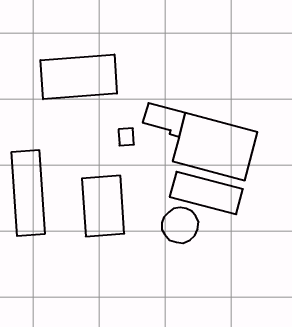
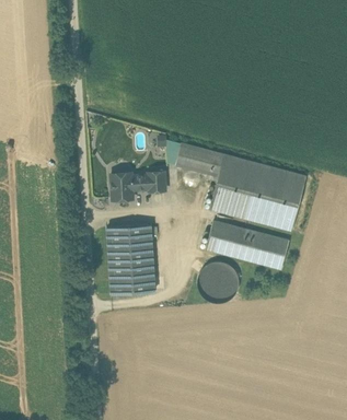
building: [40,54,117,99] -> none
building: none -> [111,173,149,200]
building: [12,150,45,236] -> none

